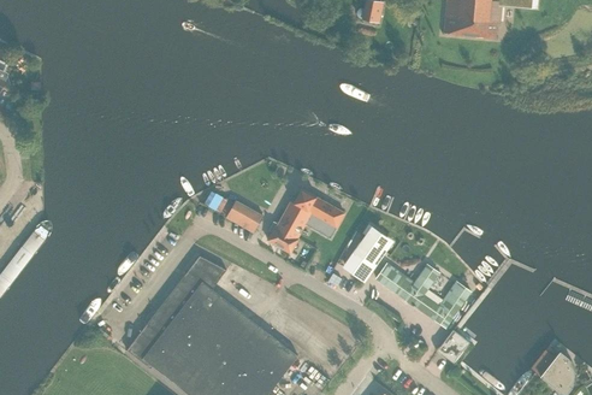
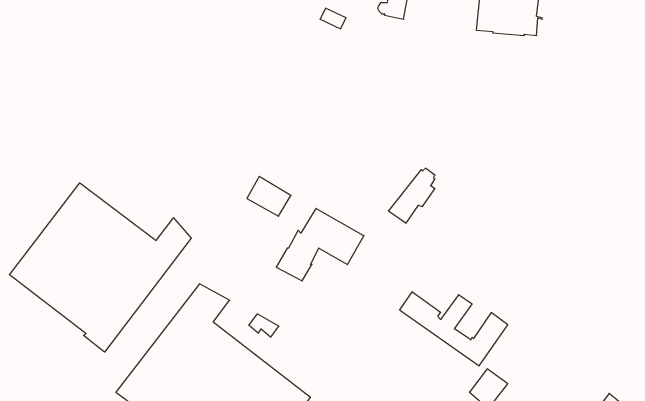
building: none -> [9,183,191,352]
building: [225,199,264,234] -> [247,176,291,216]
building: [341,226,381,275] -> [388,168,435,223]

